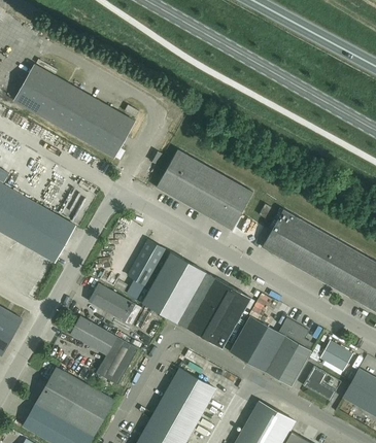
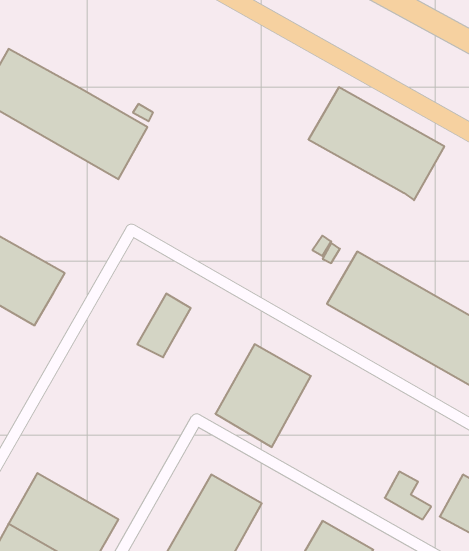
building: [156,149,252,230] -> [308,87,444,200]
building: [141,251,210,325] -> none
building: [89,283,141,325] -> none
building: [230,315,311,386] -> none
building: [70,316,138,384] -> none
building: [320,340,352,370] -> none

